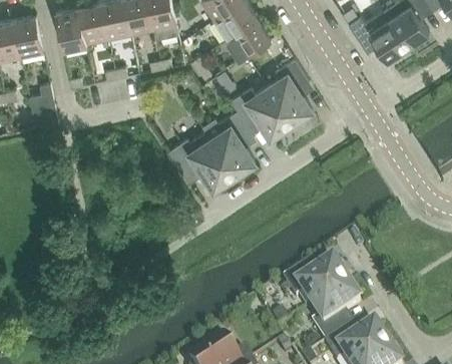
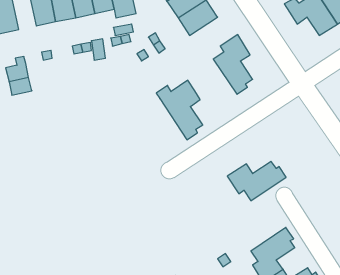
building: [231,83,294,133] -> none
building: [168,128,237,186] -> none
building: [283,258,350,303] -> [227,161,286,201]

